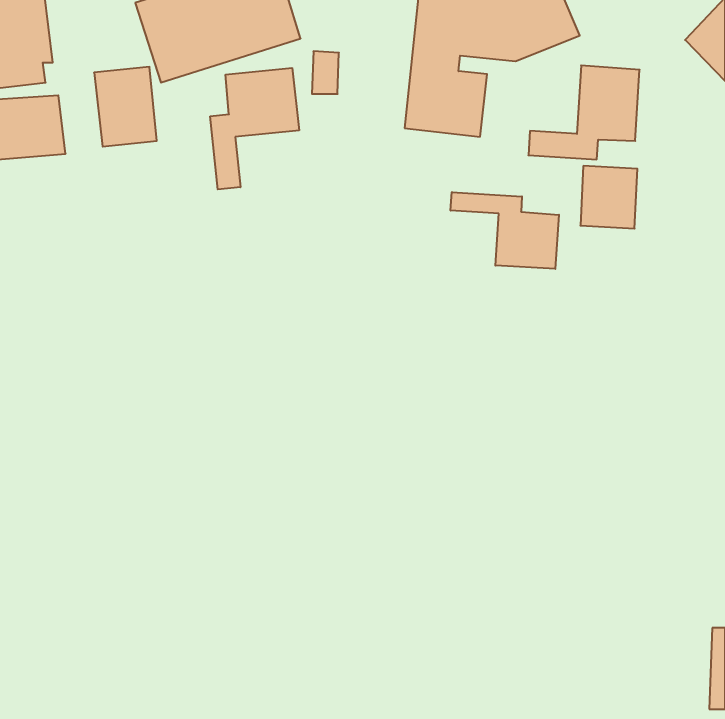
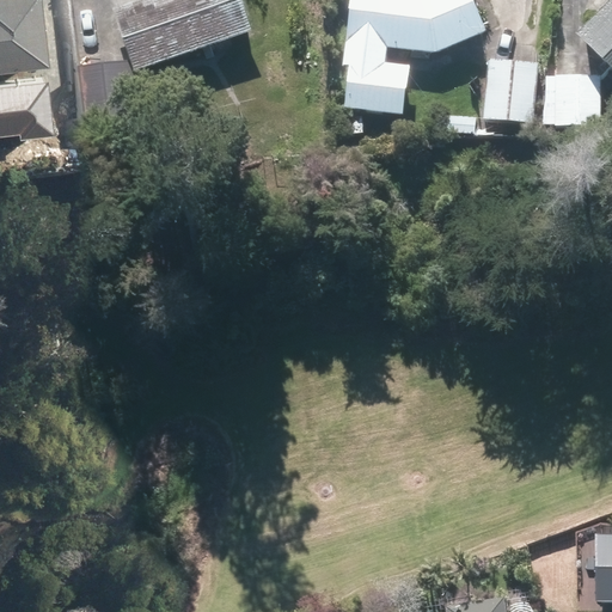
building: [210,68,299,189] -> none
building: [580,166,637,229] -> [552,71,600,123]
building: [451,192,559,269] -> none

